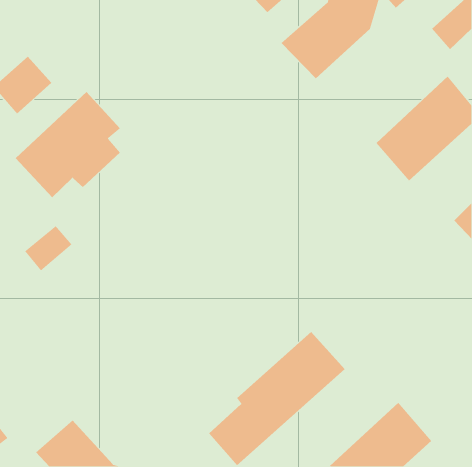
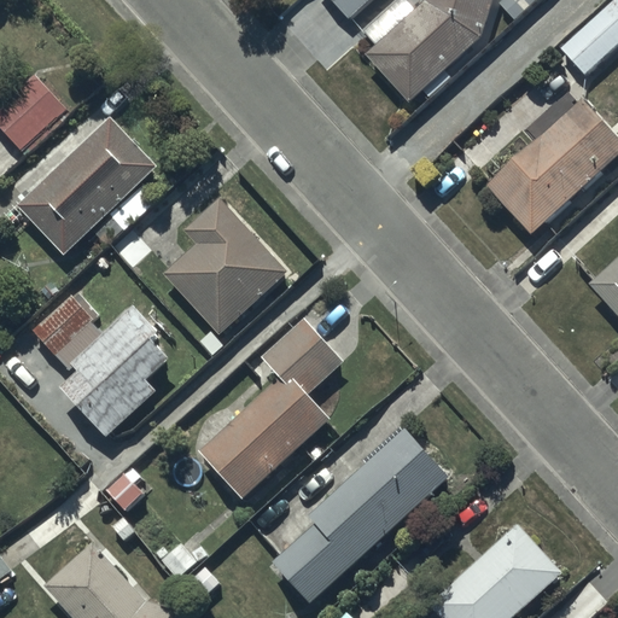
building: none -> [163,196,287,334]
building: none -> [62,305,170,438]
building: none -> [197,317,342,501]

